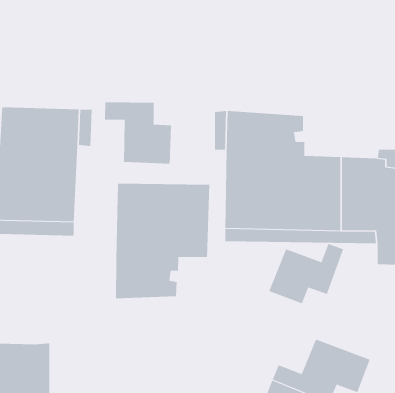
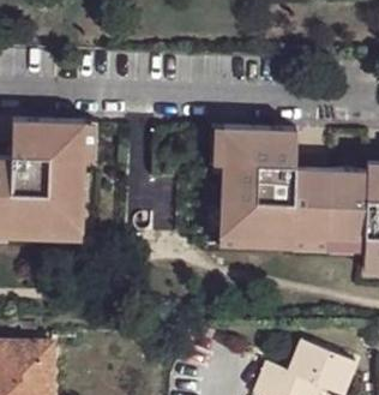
building: [105,101,171,165] -> none
building: [115,183,210,299] -> none
building: [268,243,344,304] -> none

